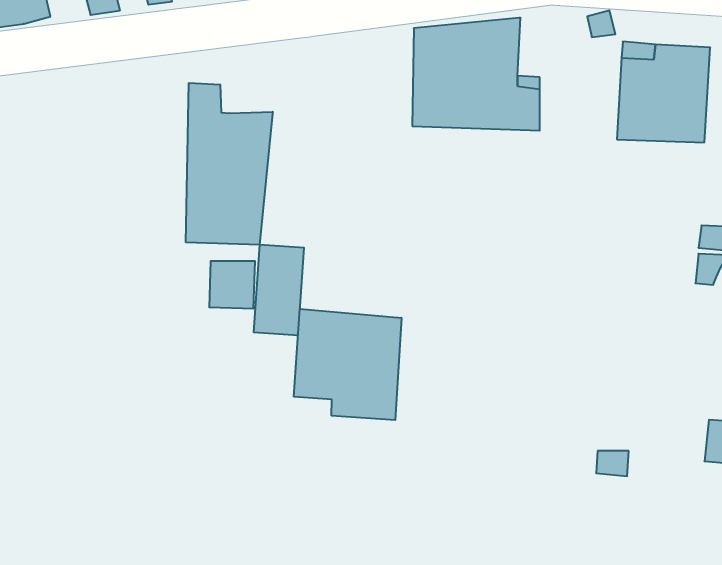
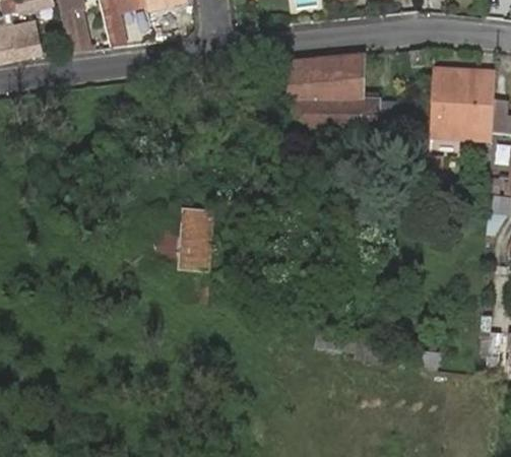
building: [186,83,273,245] -> none
building: [294,309,401,420] -> none

